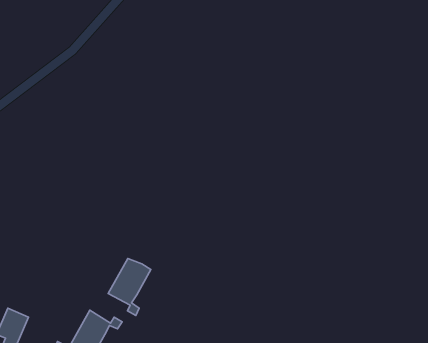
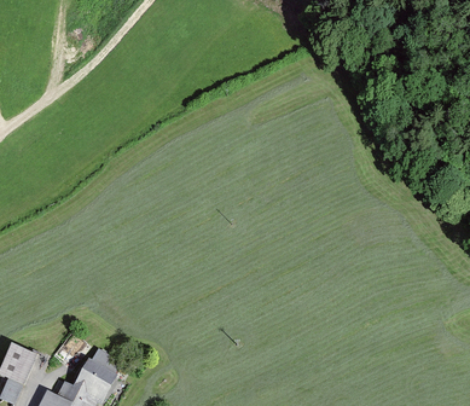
building: [108,259,151,315] -> none

